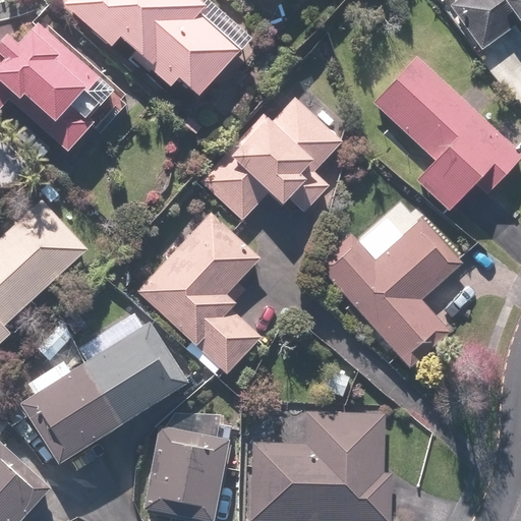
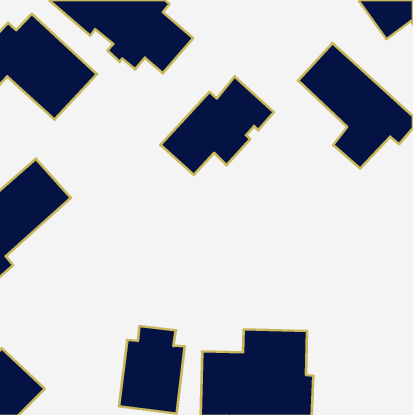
building: [136,212,265,378] -> none
building: [315,217,463,368] -> none
building: [22,308,193,464] -> none

